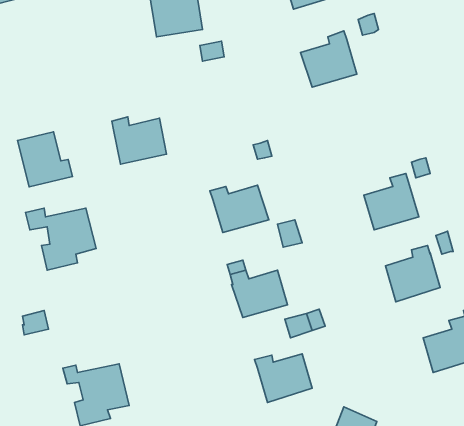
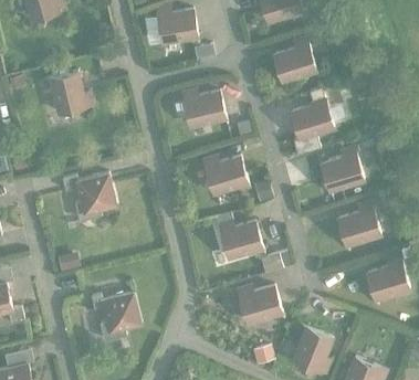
building: none -> [290,88,333,155]
building: [112,117,167,164] -> [182,91,224,127]
building: [18,132,72,187] -> [49,72,91,114]

